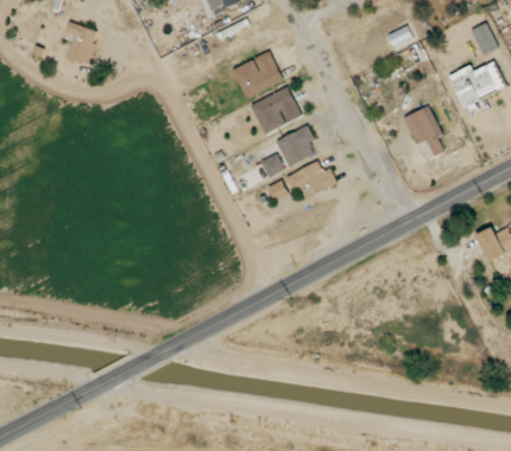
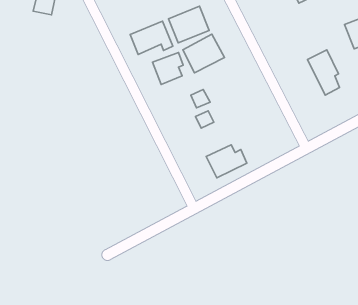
building: none -> [130,21,173,54]
building: [276,127,314,166] -> [152,53,183,85]
building: [286,161,336,202] -> [206,145,247,178]

